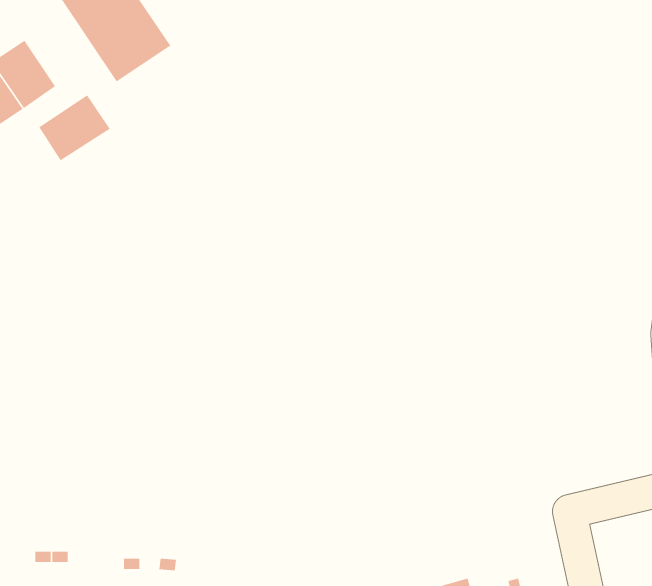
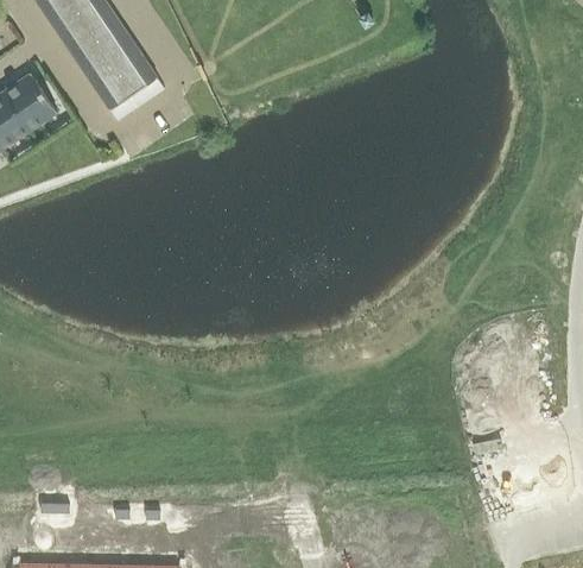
building: [39,94,110,161] -> none

